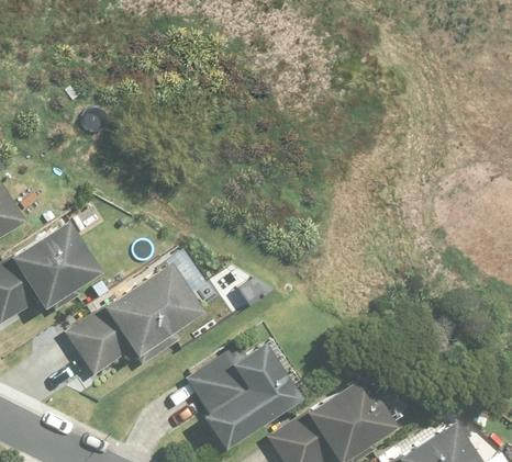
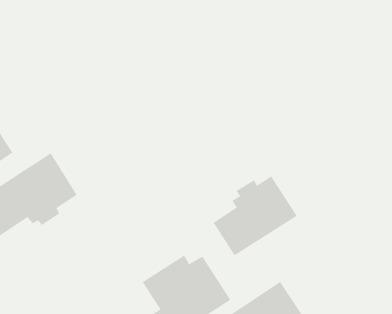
building: none -> [213,175,297,256]
building: [67,260,208,375] -> none

